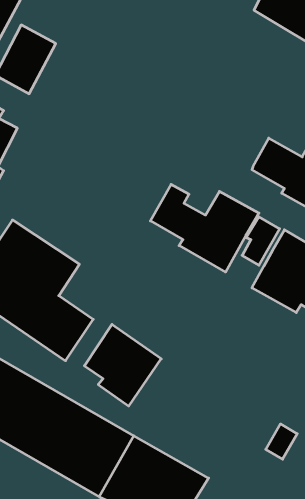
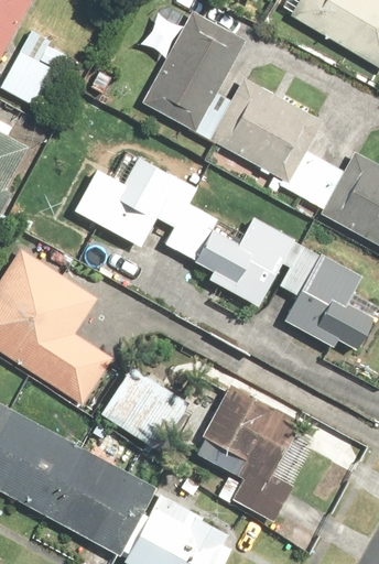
building: none -> [133,8,240,132]
building: none -> [195,76,322,183]
building: none -> [68,150,193,251]
building: none -> [191,382,301,523]

